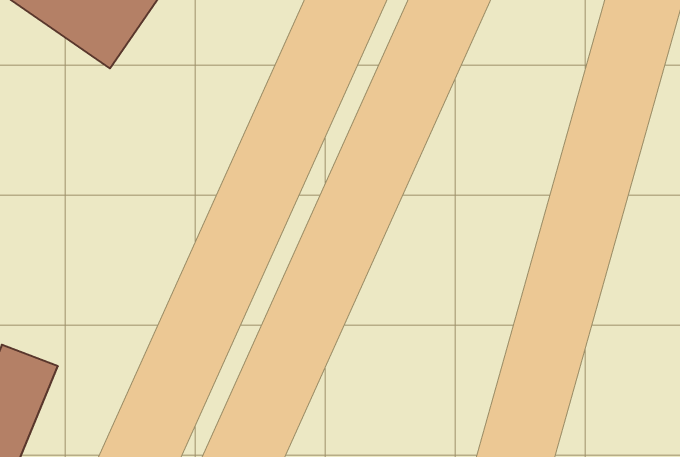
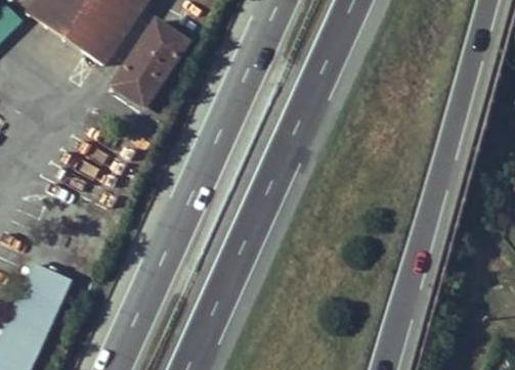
building: none -> [114,20,189,107]

